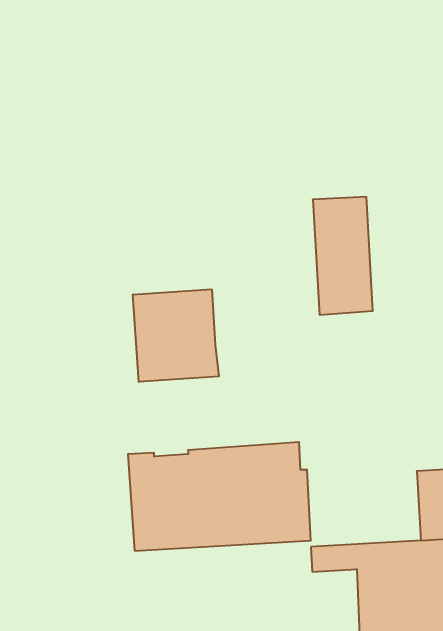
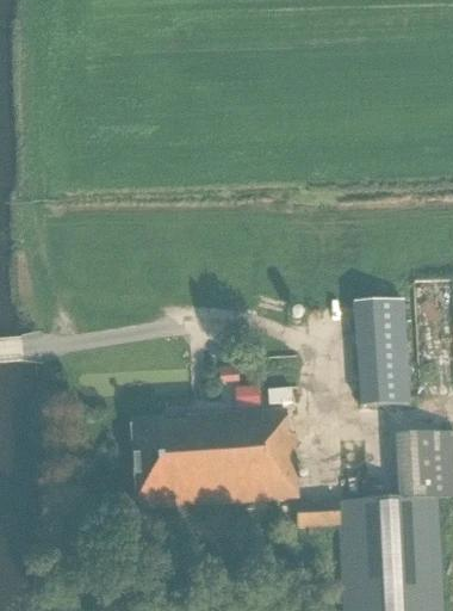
building: [313,197,373,315] -> [354,297,409,405]
building: [133,289,219,382] -> none

